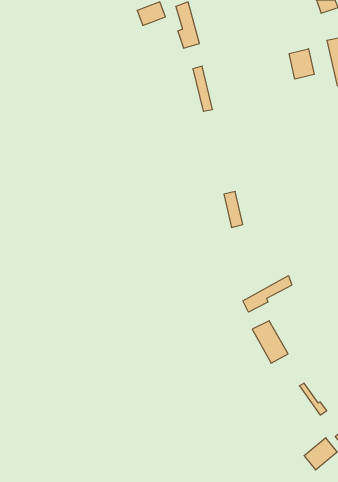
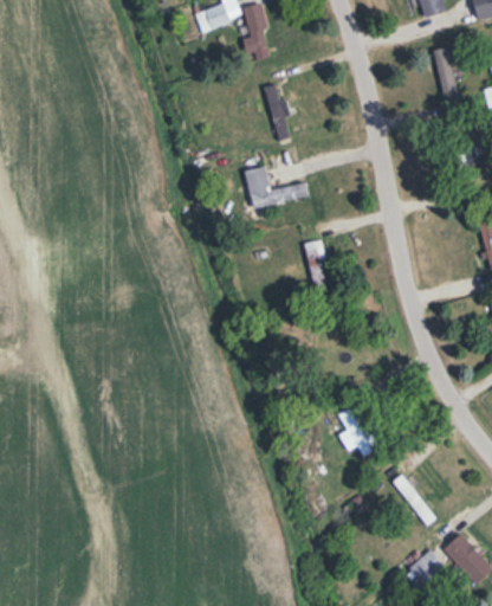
building: [289,49,314,79] -> none
building: none -> [246,166,310,207]
building: [243,276,292,312] -> none

